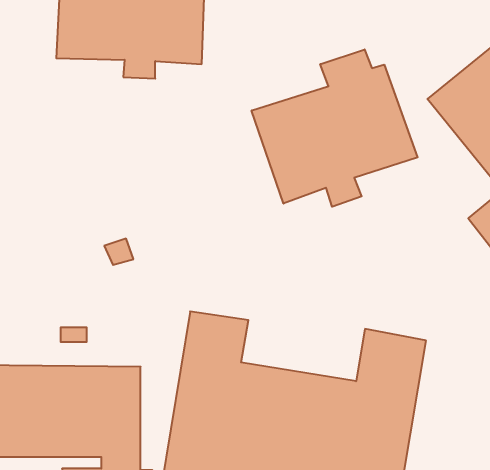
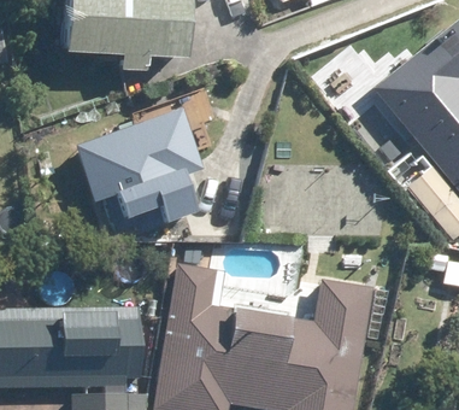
building: [252,49,418,207] -> none
building: none -> [75,106,205,216]

